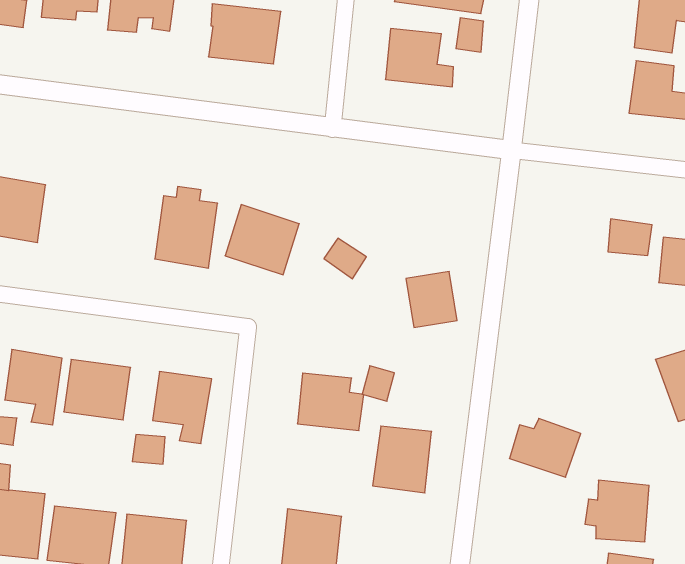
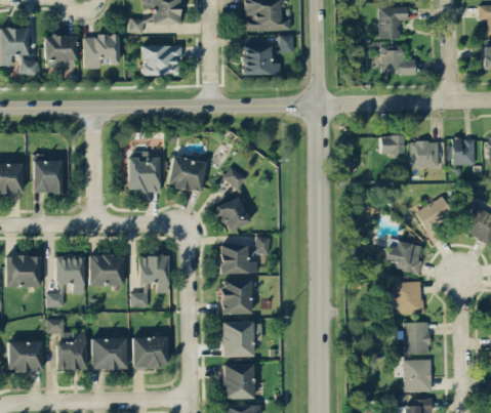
building: [406,272,457,327] -> [217,198,249,232]
building: [509,418,581,477] -> [384,241,422,272]
building: [373,426,432,493] -> [221,279,251,314]

